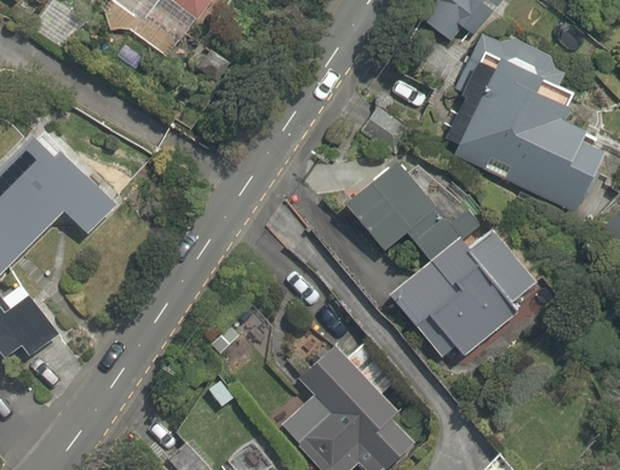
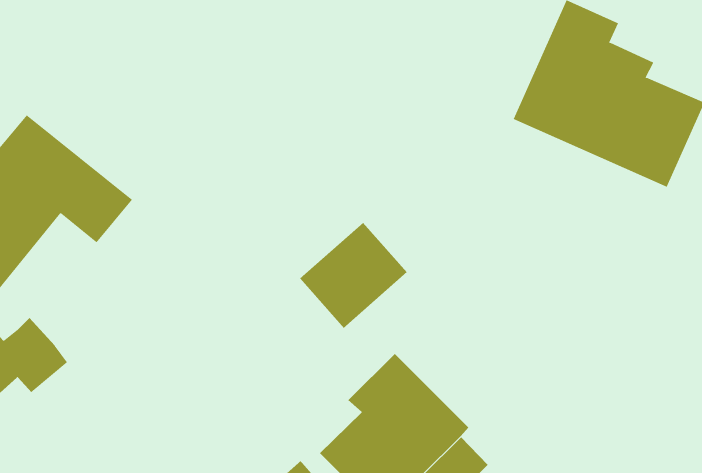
building: [345,161,437,251] -> [299,222,408,329]
building: [386,217,535,357] -> none

